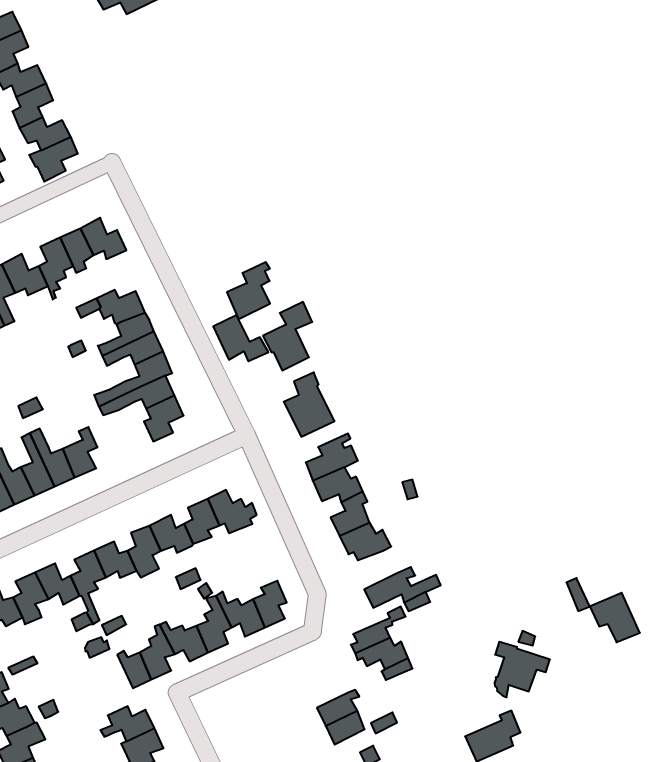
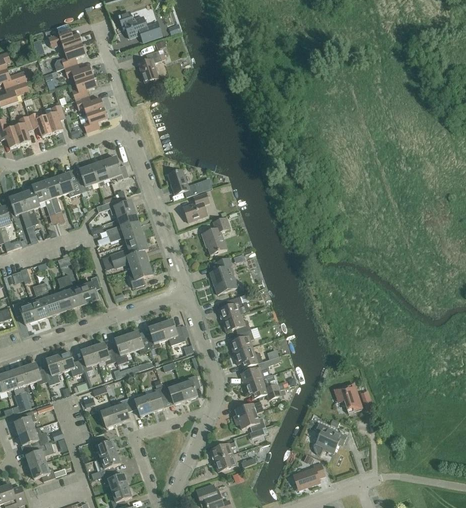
building: none -> [138,49,164,82]
building: [213,315,268,361] -> [167,169,197,196]
building: none -> [240,355,280,384]
building: [590,593,640,642] -> [334,382,361,410]

